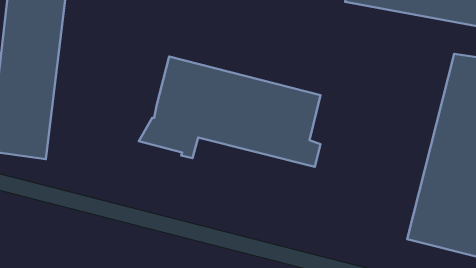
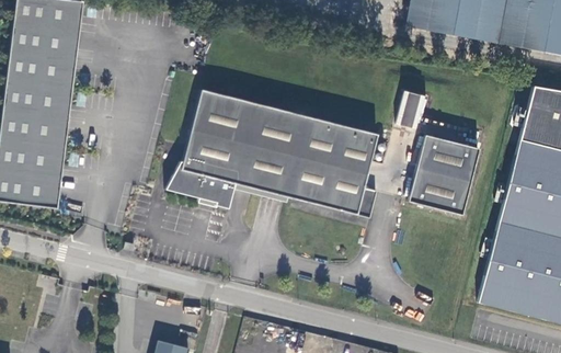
building: none -> [396,90,424,127]
building: none -> [408,134,479,214]

